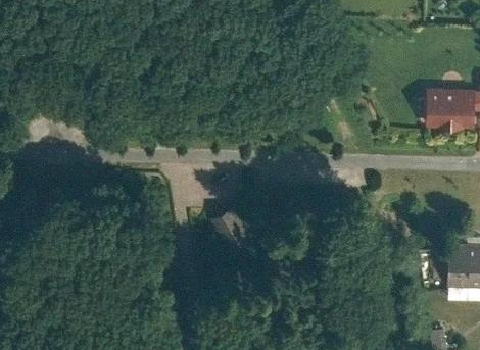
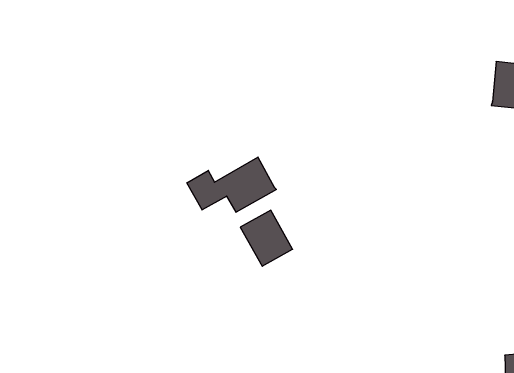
building: none -> [187,157,276,212]

